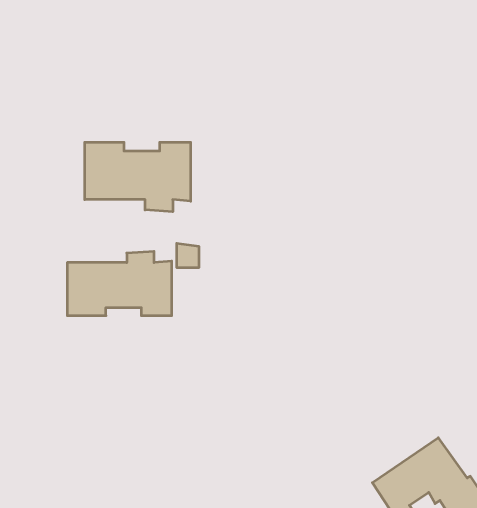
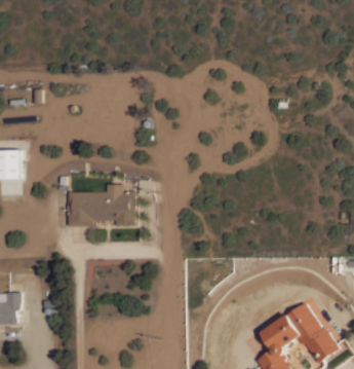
building: [85,142,191,212] -> none

